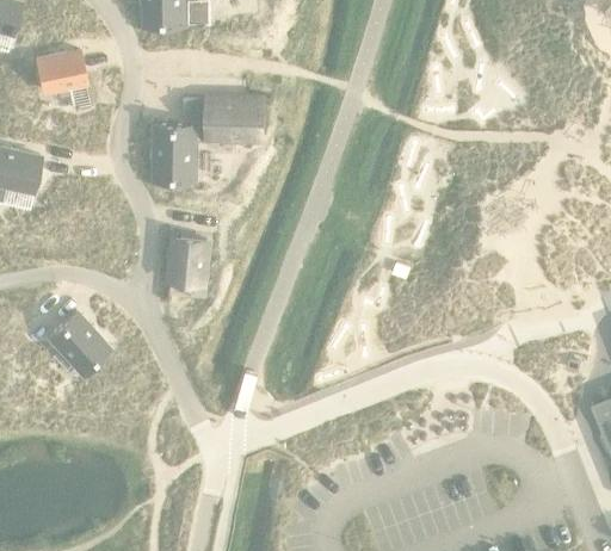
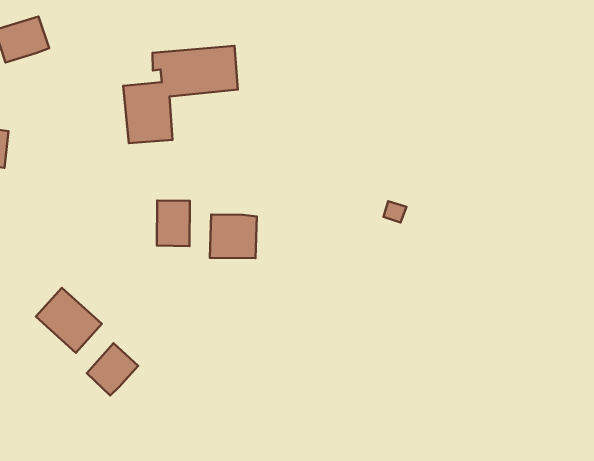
building: none -> [210,215,257,258]
building: none -> [87,343,138,395]

